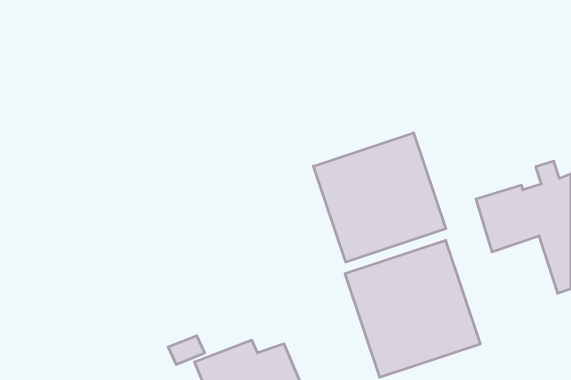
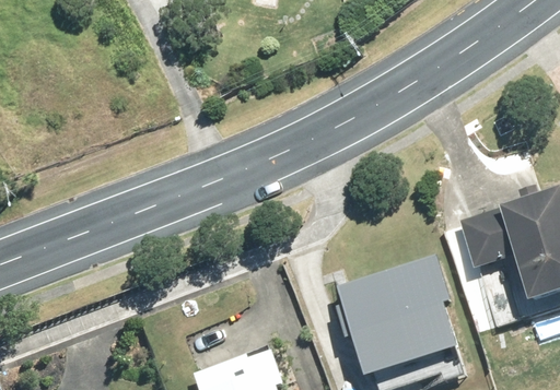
building: [313,133,446,262] -> none

